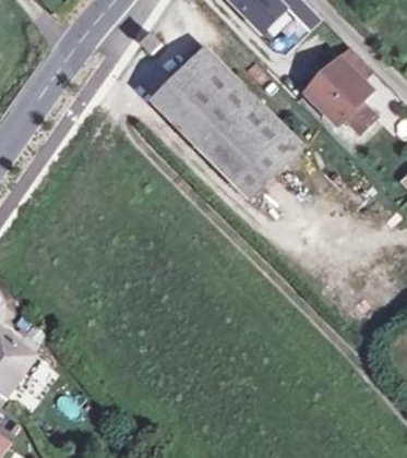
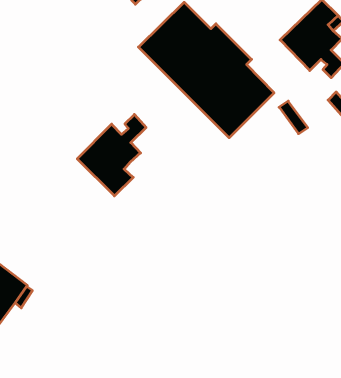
building: none -> [77,114,146,196]

